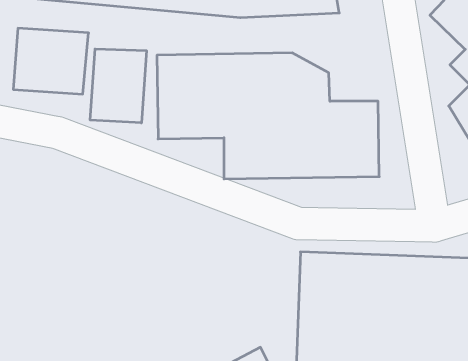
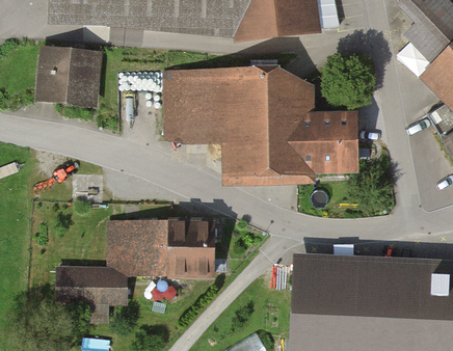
building: [90,49,146,123] -> none
building: none -> [54,215,212,320]

